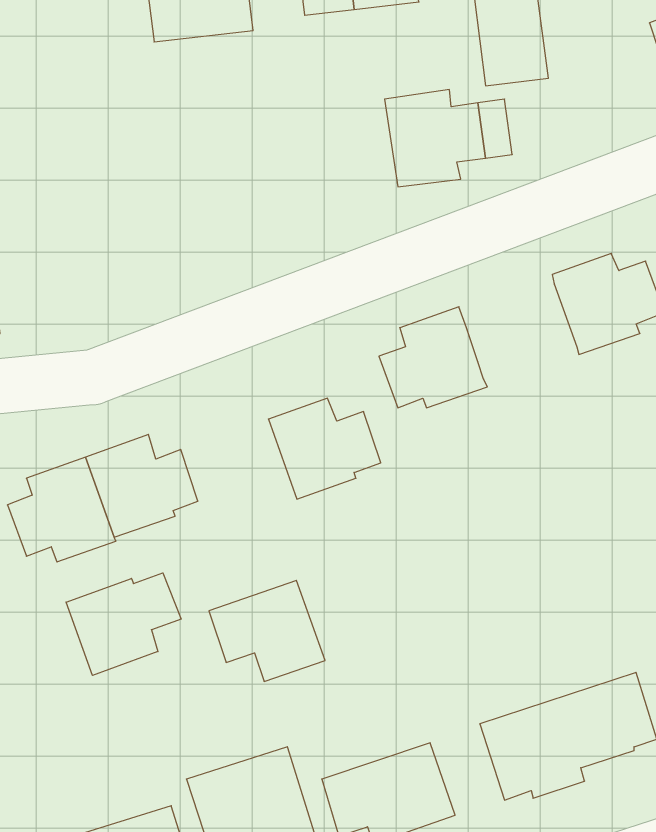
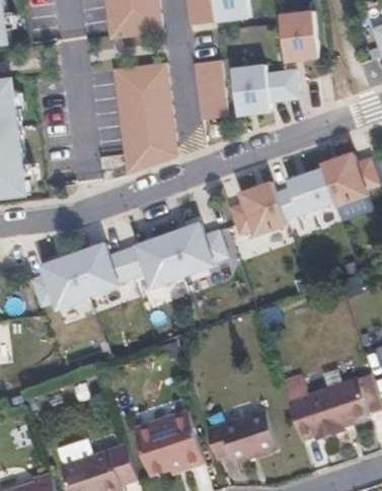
building: none -> [194,55,227,116]
building: none -> [116,61,179,173]
building: none -> [278,166,336,217]
building: [66,573,181,675] -> none
building: [209,580,325,681] -> [126,238,187,292]

